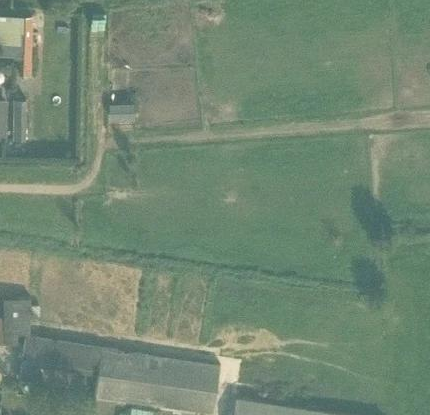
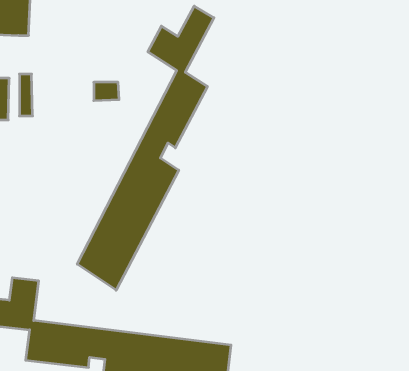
building: none -> [77,6,214,290]

